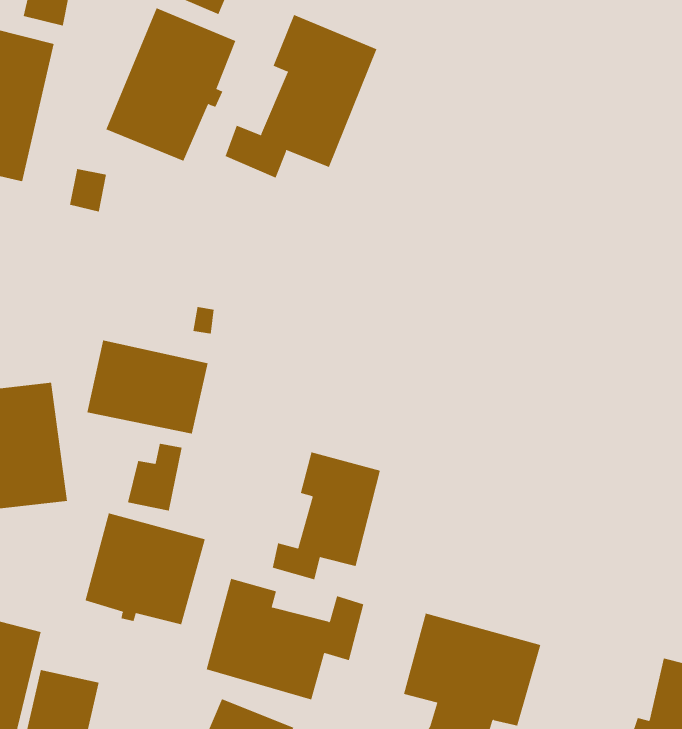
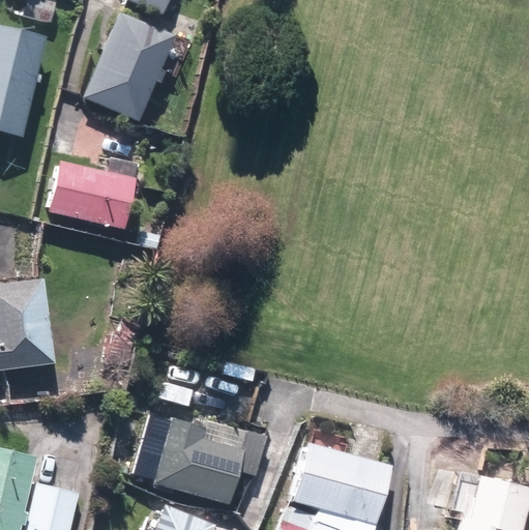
building: [225,14,377,179] -> none
building: [86,340,208,434] -> [48,161,135,229]
building: [272,451,380,580] -> none
building: [85,513,205,625] -> none

